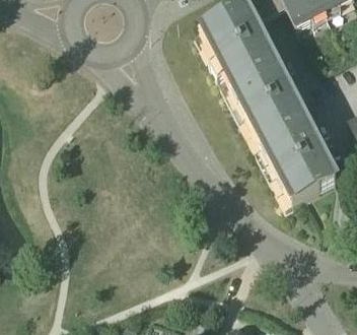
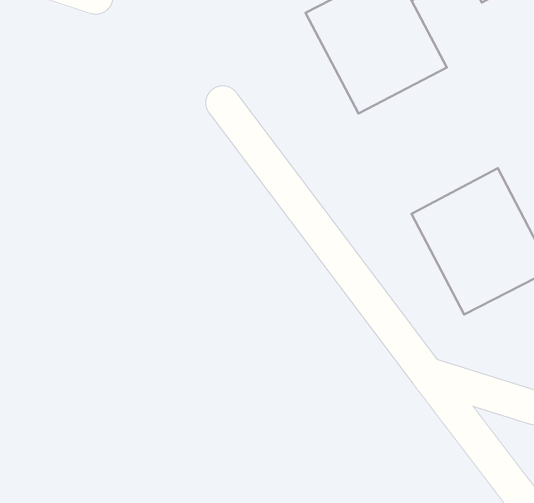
building: [227,64,307,148] -> none

